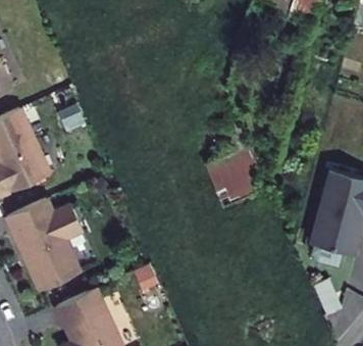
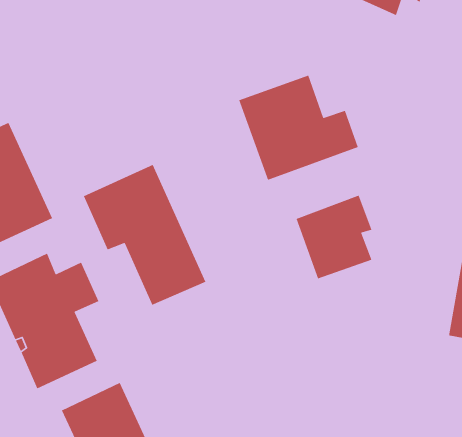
building: none -> [238,75,359,181]
building: none -> [83,164,207,306]

